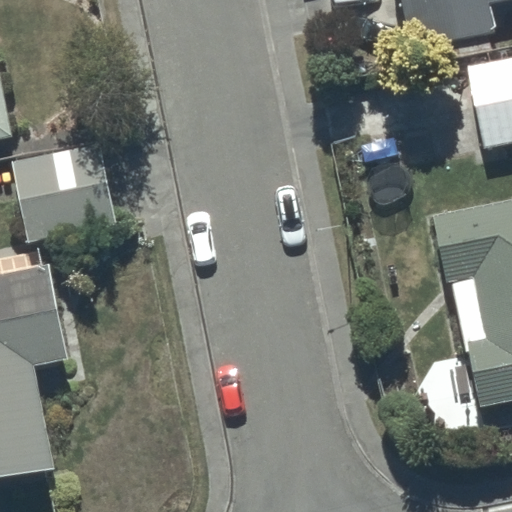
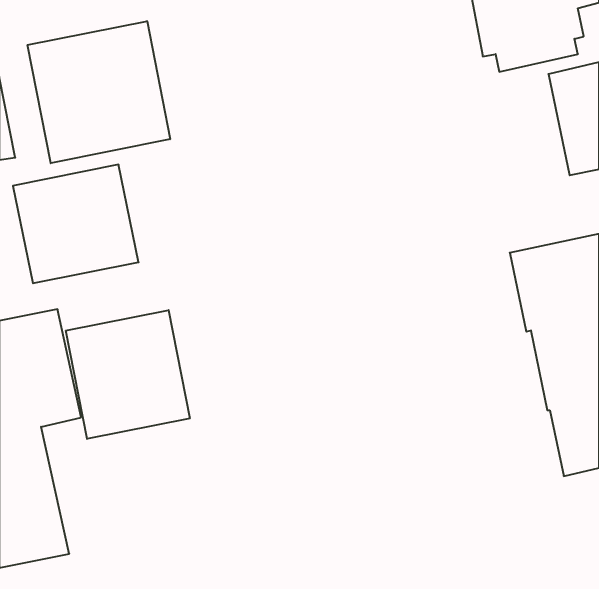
building: none -> [28,21,170,163]
building: none -> [66,310,190,439]

